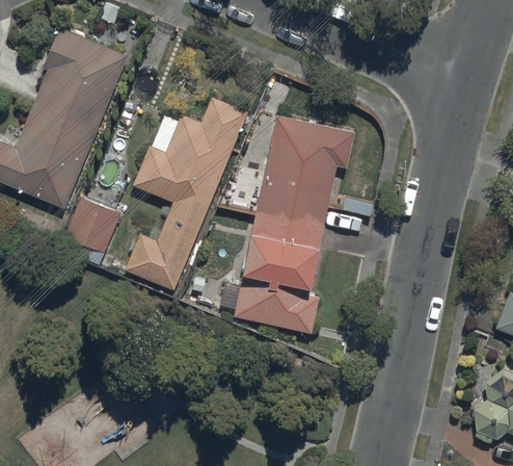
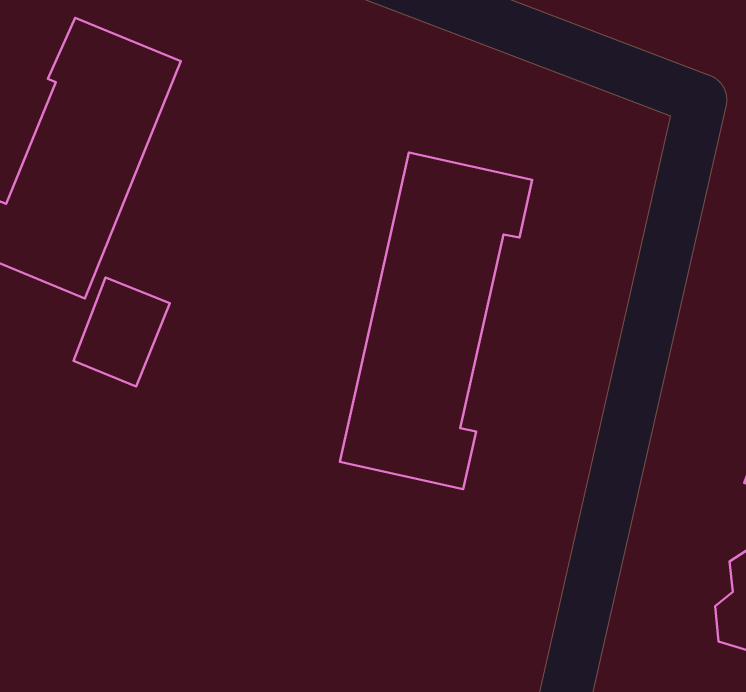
building: [125,96,250,290] -> none

